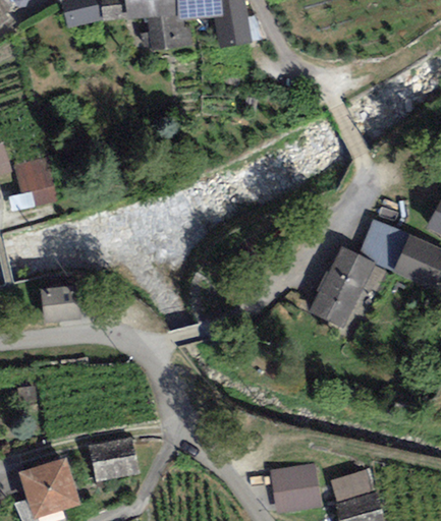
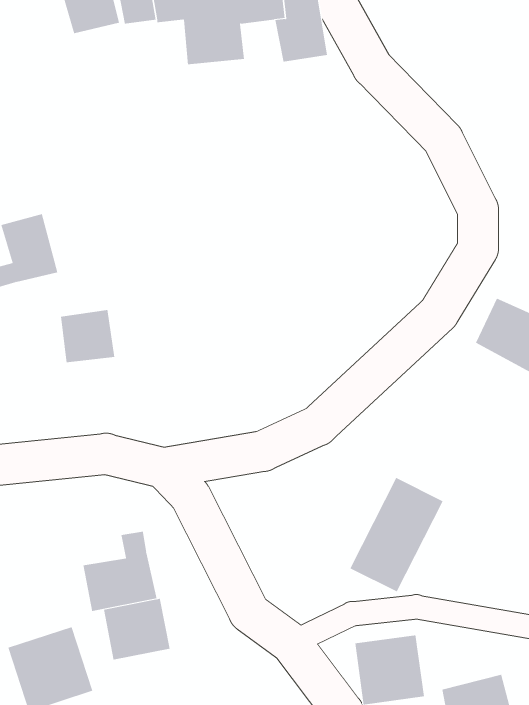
building: [309,246,377,330] -> [349,477,443,592]
building: [41,284,80,323] -> [60,309,115,363]
building: none -> [83,531,157,612]
building: [331,469,372,501] -> none

